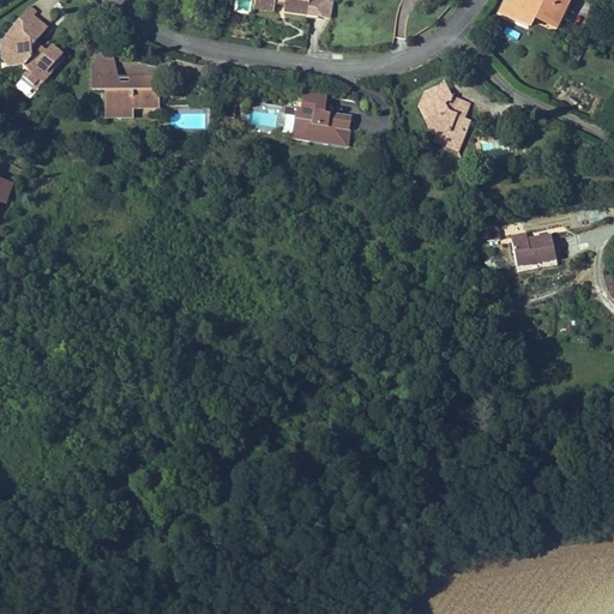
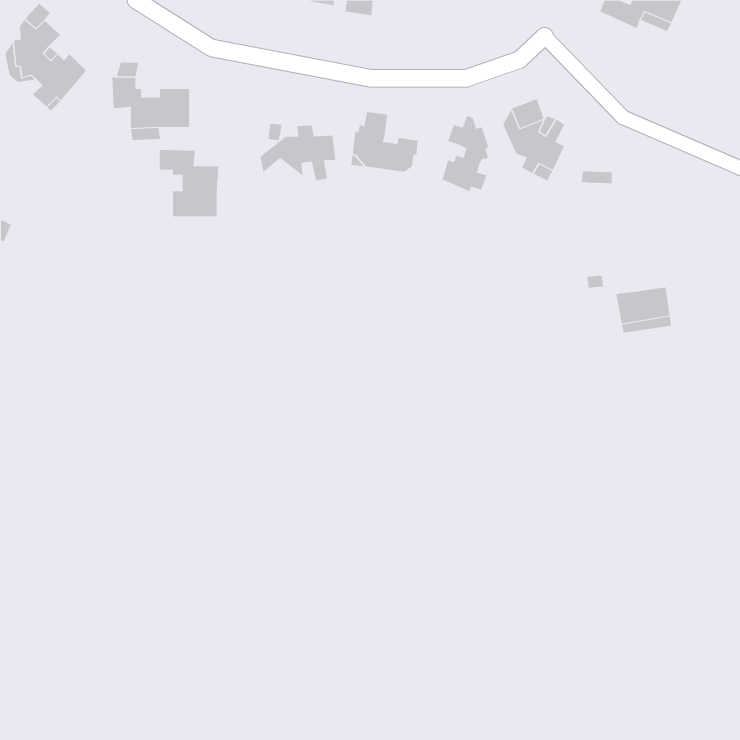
building: none -> [442,115,489,192]
building: none -> [260,125,336,181]
building: none -> [159,149,219,217]

